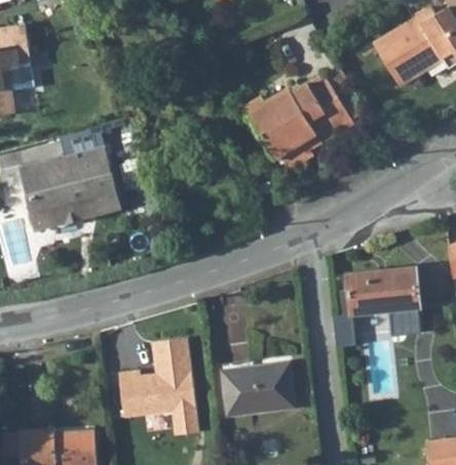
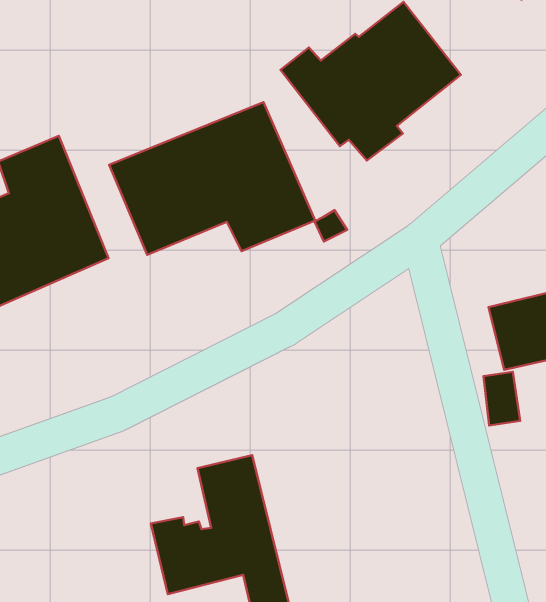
building: none -> [109,102,315,255]
building: [223,363,296,416] -> none

